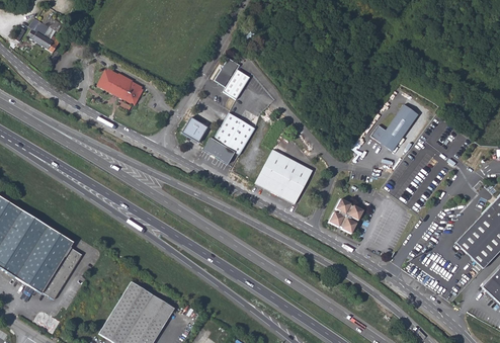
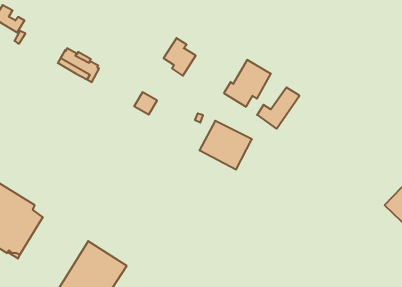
building: [372,105,419,151] -> [257,87,299,129]
building: [203,112,255,164] -> [224,60,271,107]
building: [328,198,363,233] -> none

